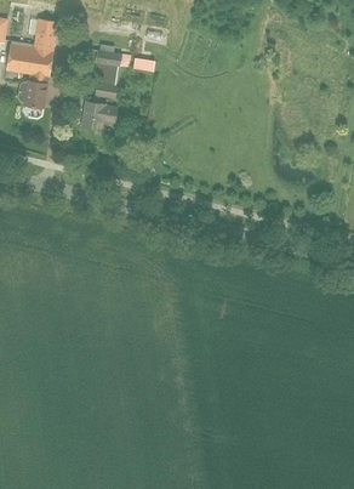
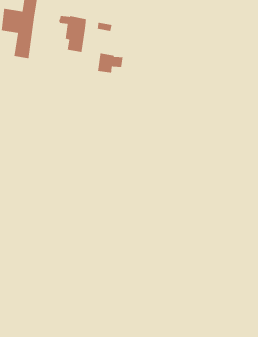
building: [82,101,118,129] -> [97,52,124,73]

